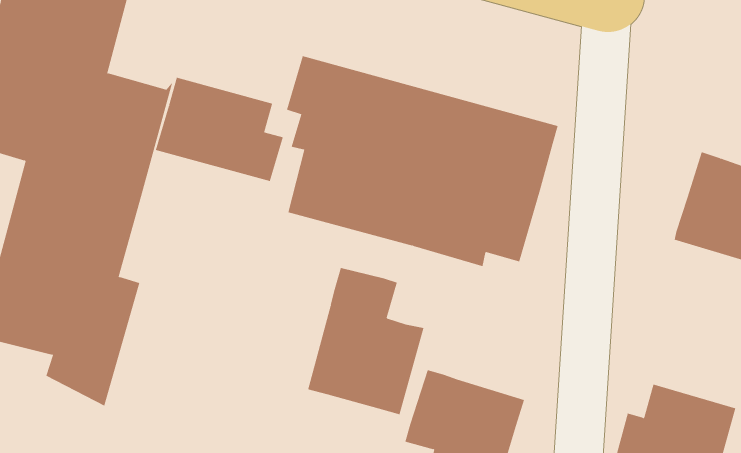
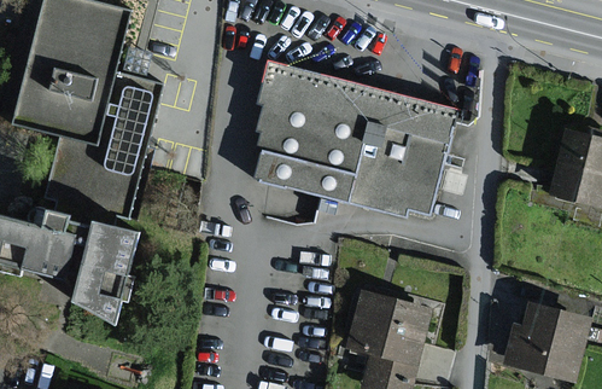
building: [155,77,283,182] -> none
building: [307,267,424,415] -> none

